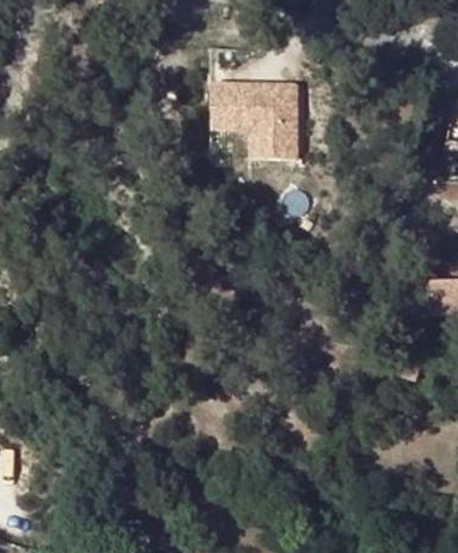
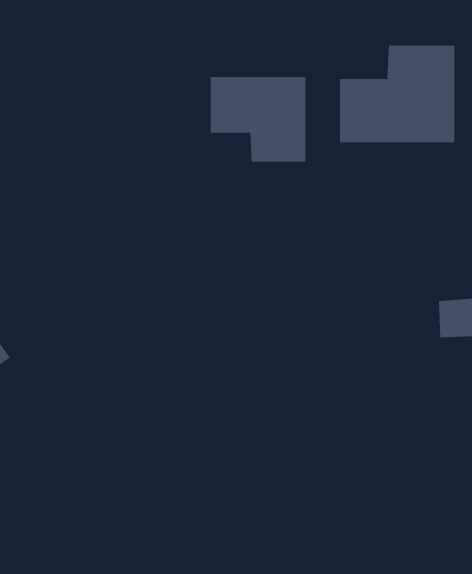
building: none -> [339,45,455,143]

